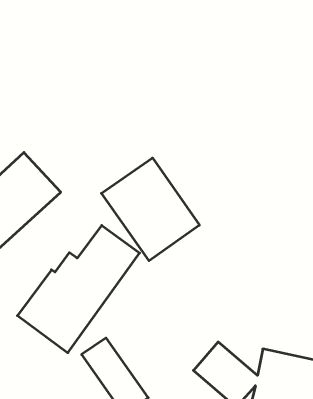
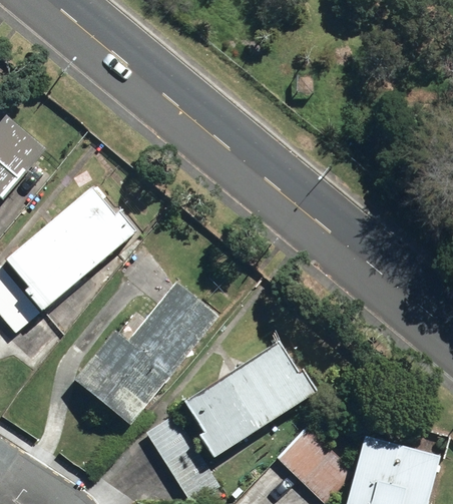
building: [101,158,199,261] -> none
building: none -> [179,340,316,459]

